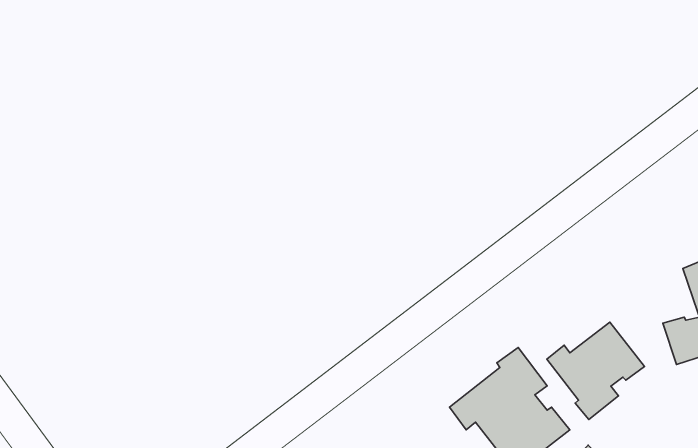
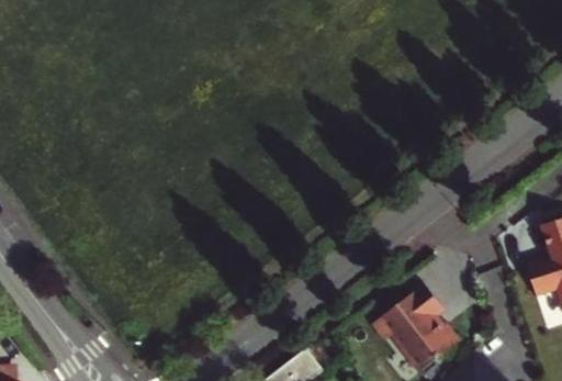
building: [547,322,644,419] -> none

